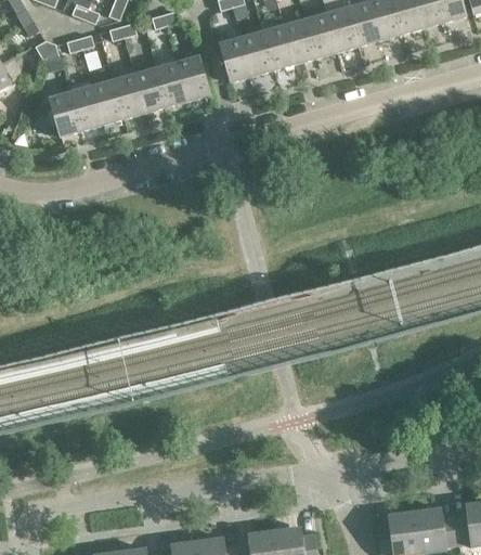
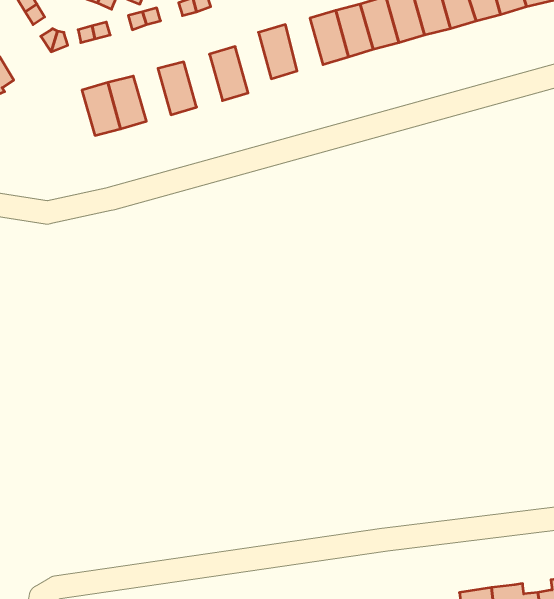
building: [242,31,273,76] -> none
building: [156,62,188,106] -> none
building: [114,74,145,118] -> none
building: [49,92,81,137] -> none

